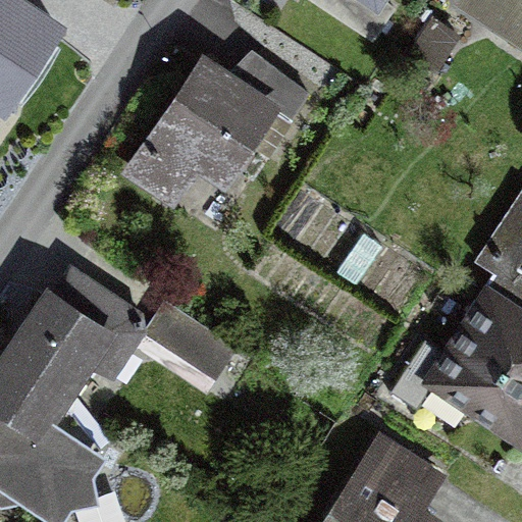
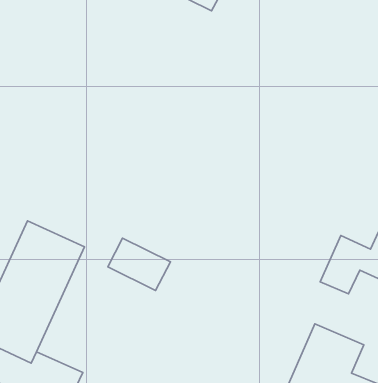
building: [135,65,308,201] -> none

